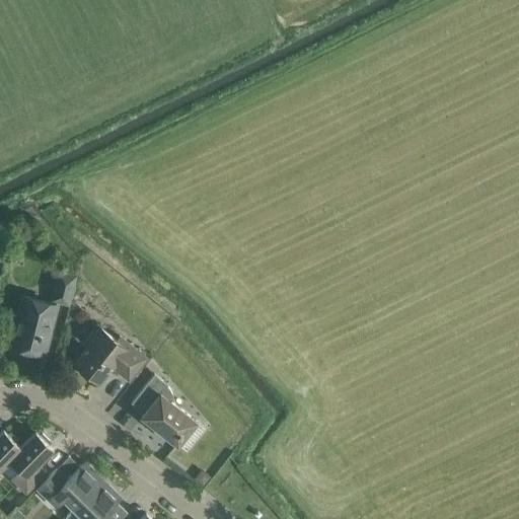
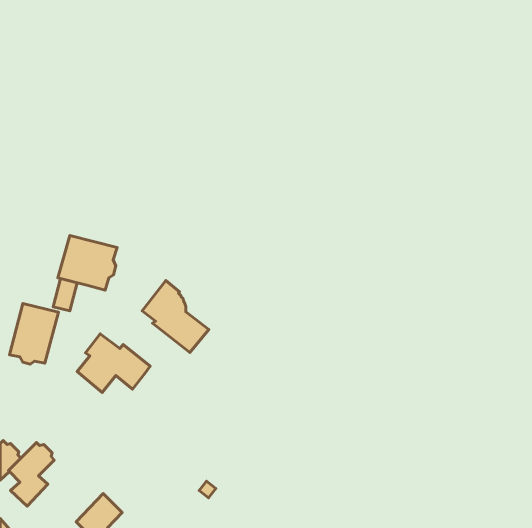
building: none -> [58,235,117,290]
building: [132,377,197,447] -> [142,281,209,353]
building: [38,466,101,512] -> none

